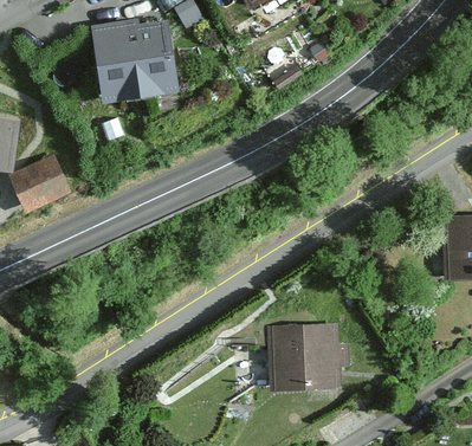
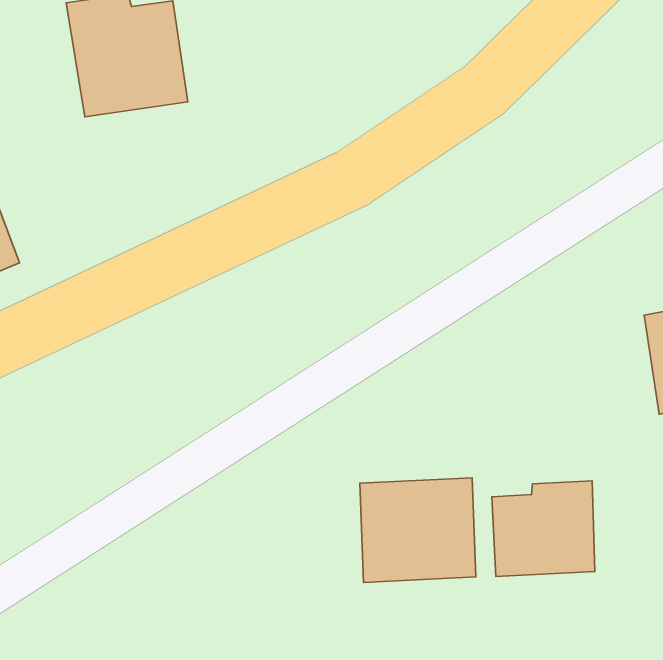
building: none -> [492,481,595,577]

